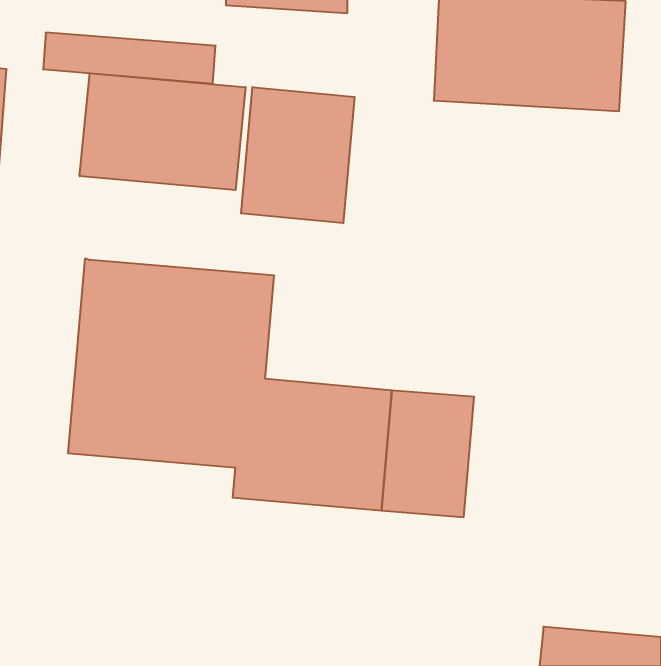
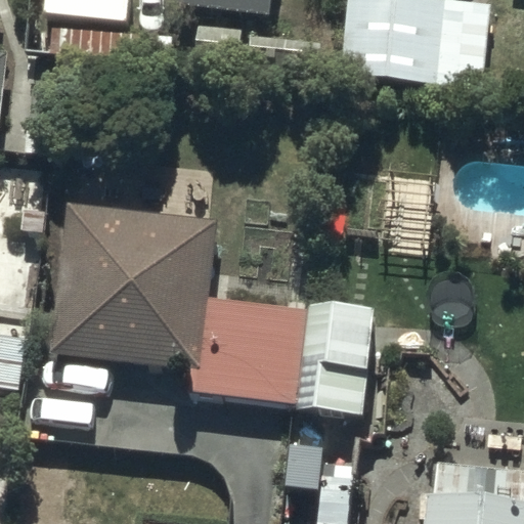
building: [80,73,246,190] -> none
building: [241,87,355,223] -> none

